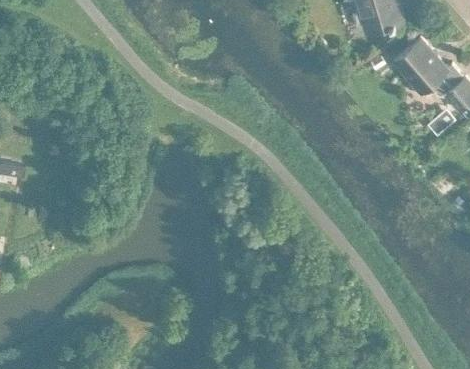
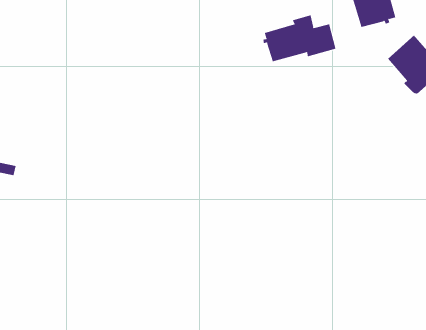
building: none -> [263,14,336,62]

